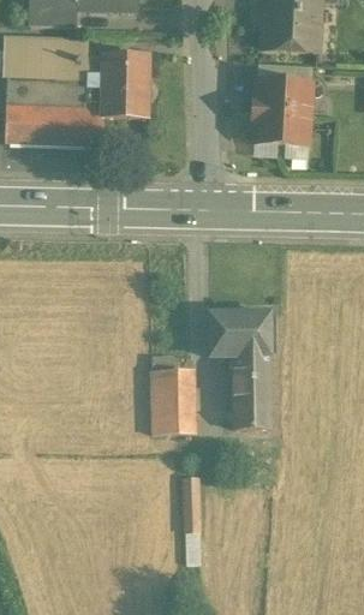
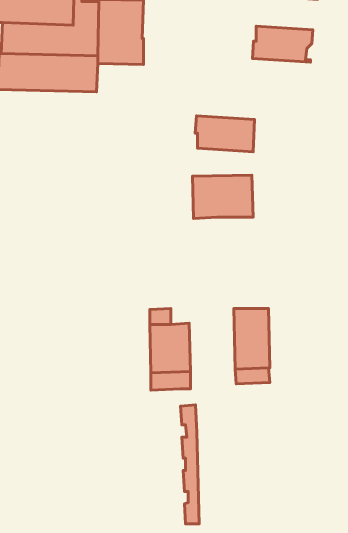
building: [253,109,311,144] -> [195,116,254,152]
building: [213,311,271,353] -> [192,175,253,218]

